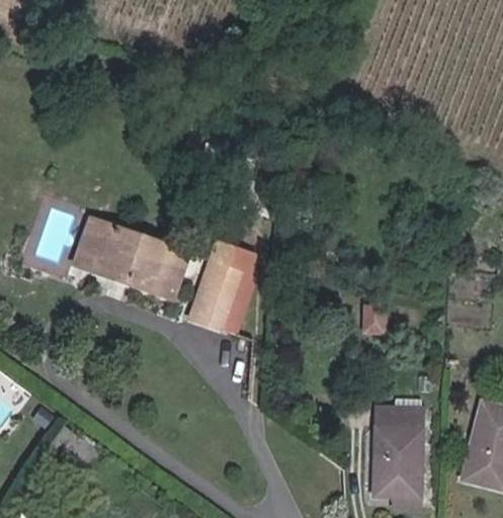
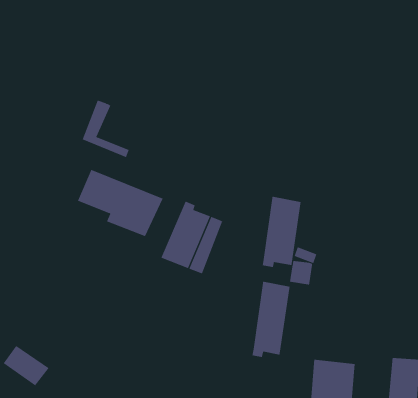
building: [85,219,140,281] -> [82,100,130,158]
building: none -> [262,196,301,268]
building: none -> [252,281,290,358]

